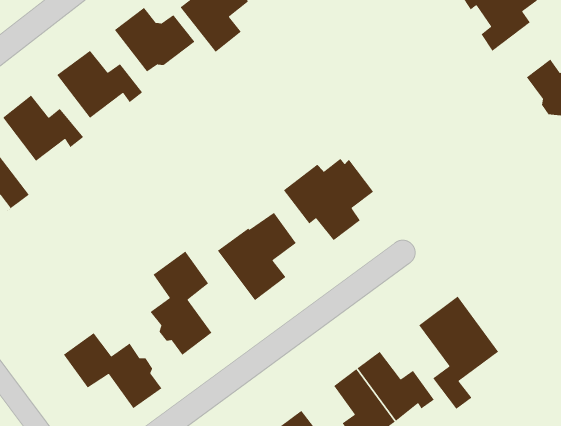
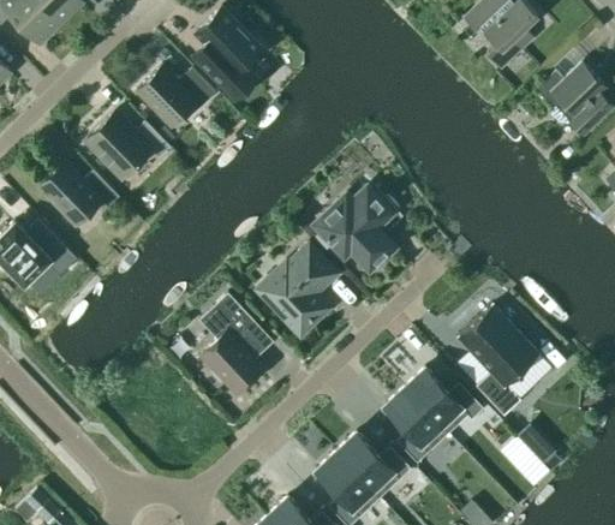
building: [63,332,163,409] -> none

